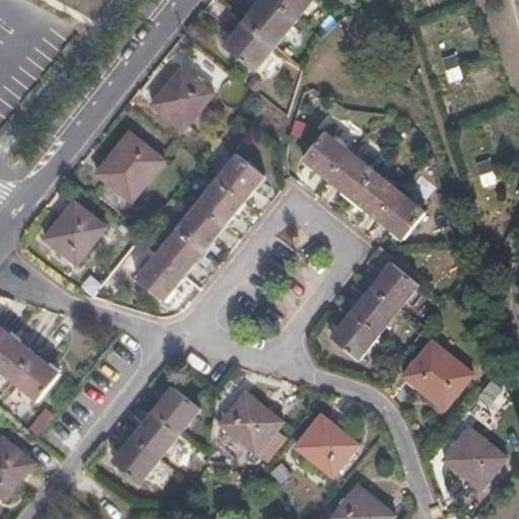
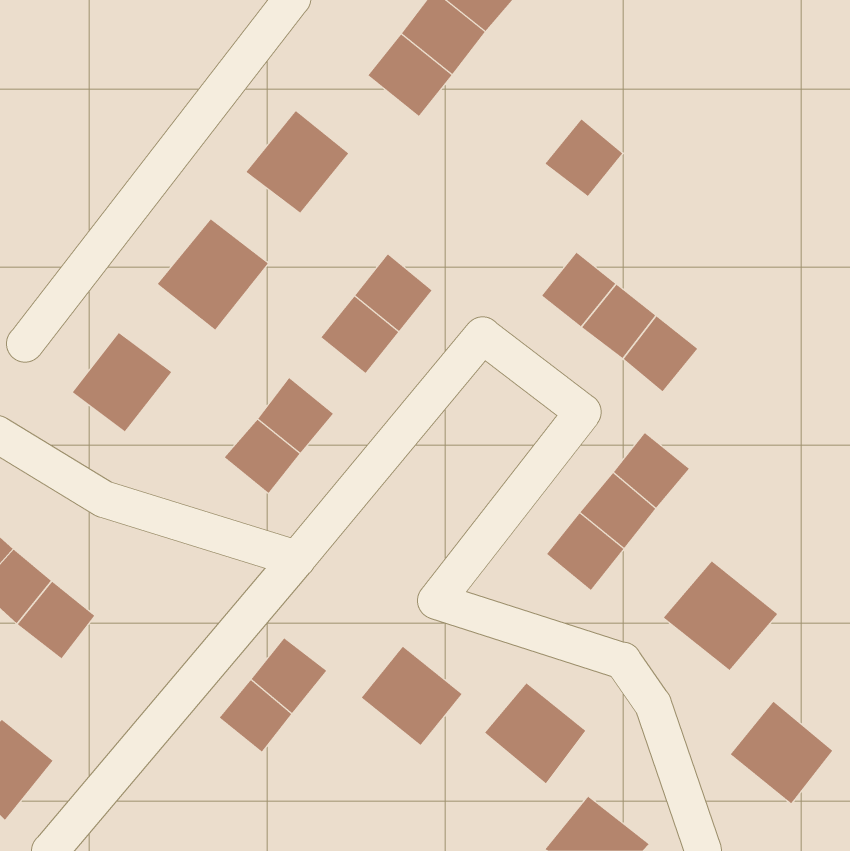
building: [302,132,350,179] -> [545,118,623,197]
building: [175,205,222,251] -> none
building: [113,436,159,483] -> none

